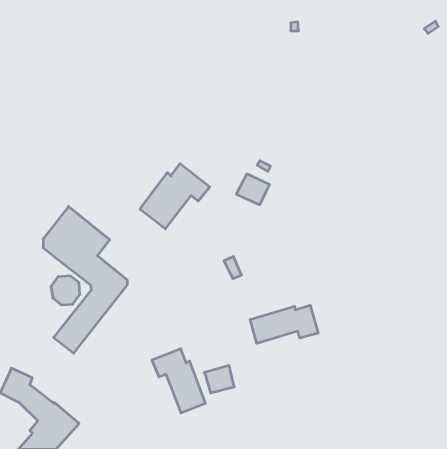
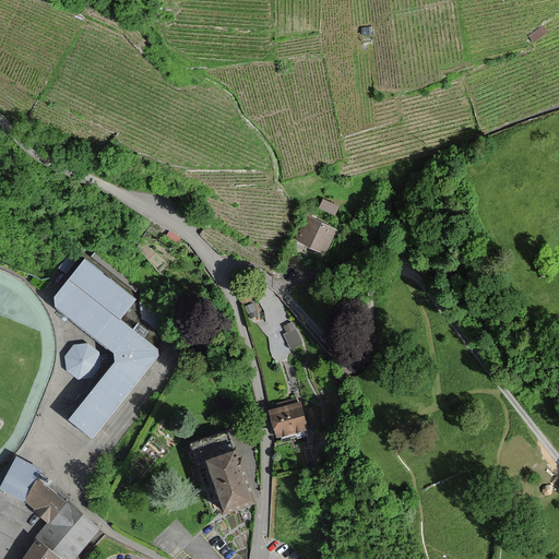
building: [140,164,210,229] -> none
building: [250,305,318,343] -> none
building: [204,366,234,393] -> [267,403,305,437]

